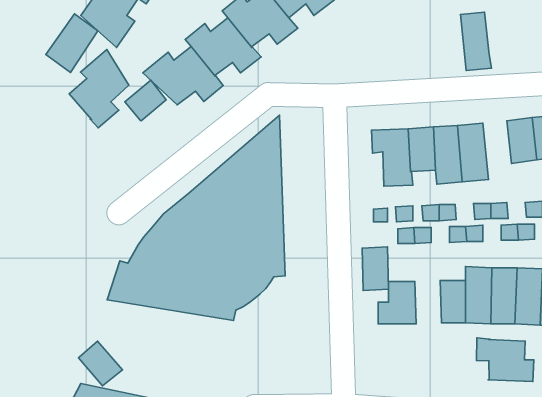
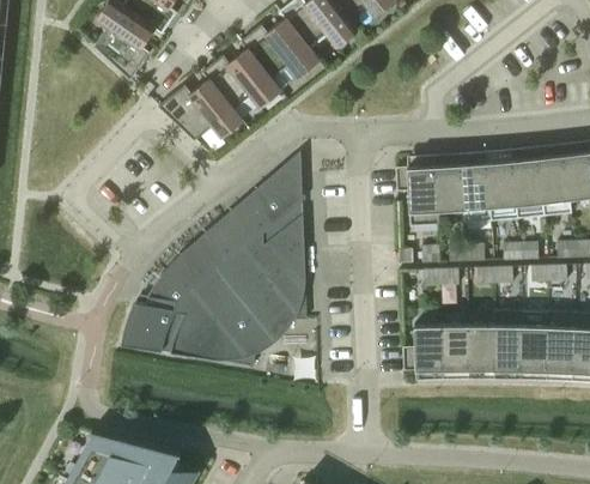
building: [461,12,492,71] -> [512,158,545,219]
building: [46,14,98,72] -> none
building: [69,50,129,128] -> none
building: [125,80,166,121] -> none
building: [362,247,389,290] -> [442,325,469,370]
building: [476,338,534,382] -> none
building: [78,341,122,386] -> none

